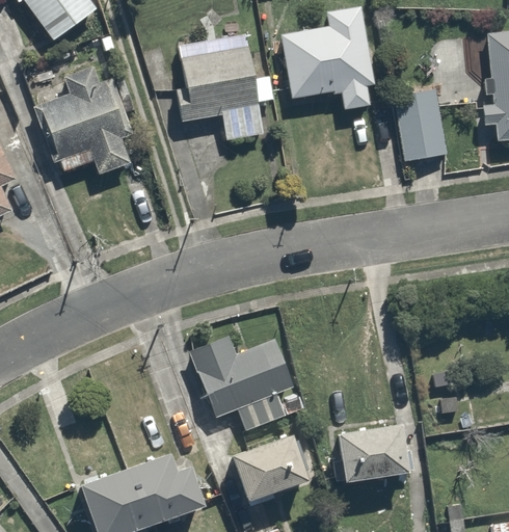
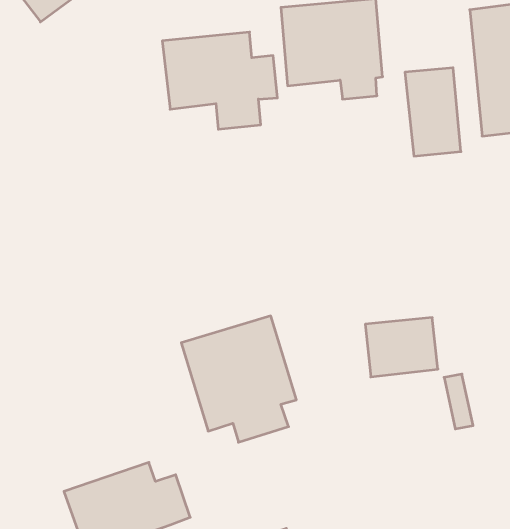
building: [36,75,135,176] -> none
building: [336,423,403,478] -> [365,318,438,377]
building: [232,437,303,501] -> none

